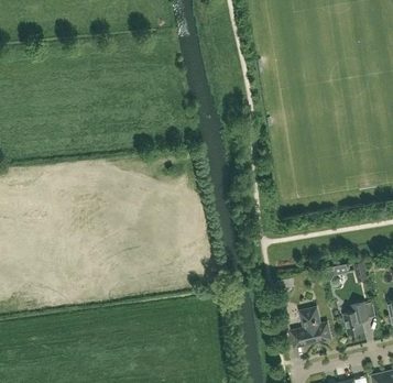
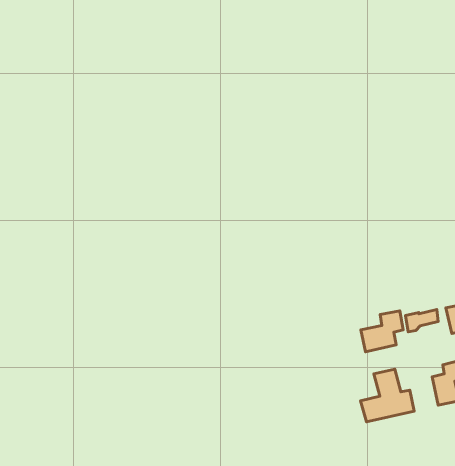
building: none -> [361,311,403,352]

